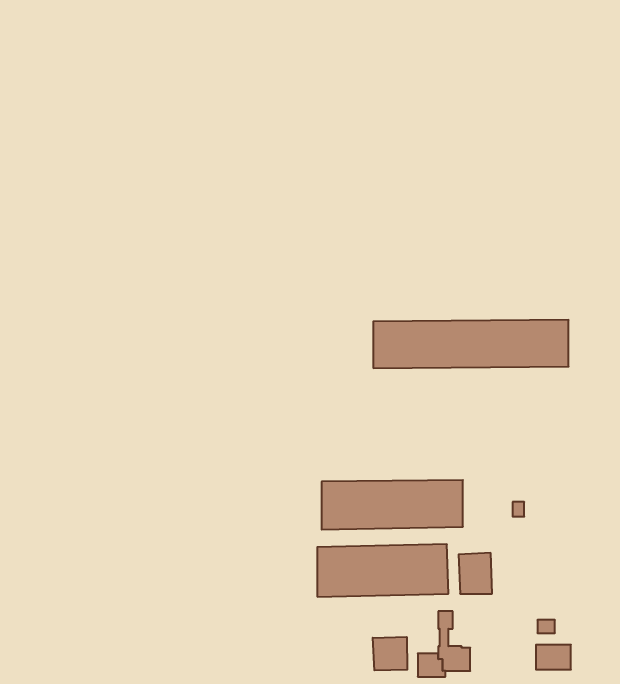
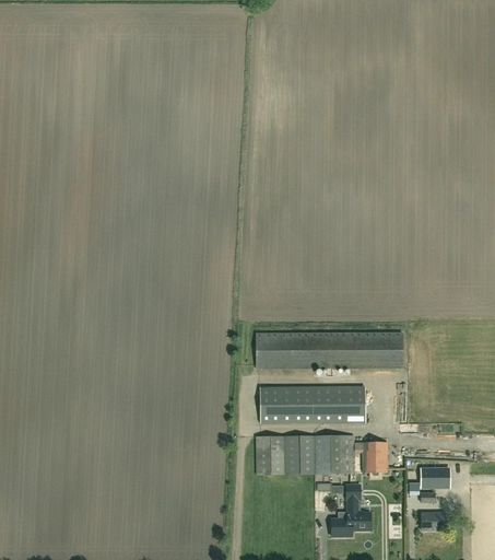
building: [373,320,569,368] -> [256,331,402,368]
building: none -> [420,466,449,487]
building: [373,637,407,670] -> none

